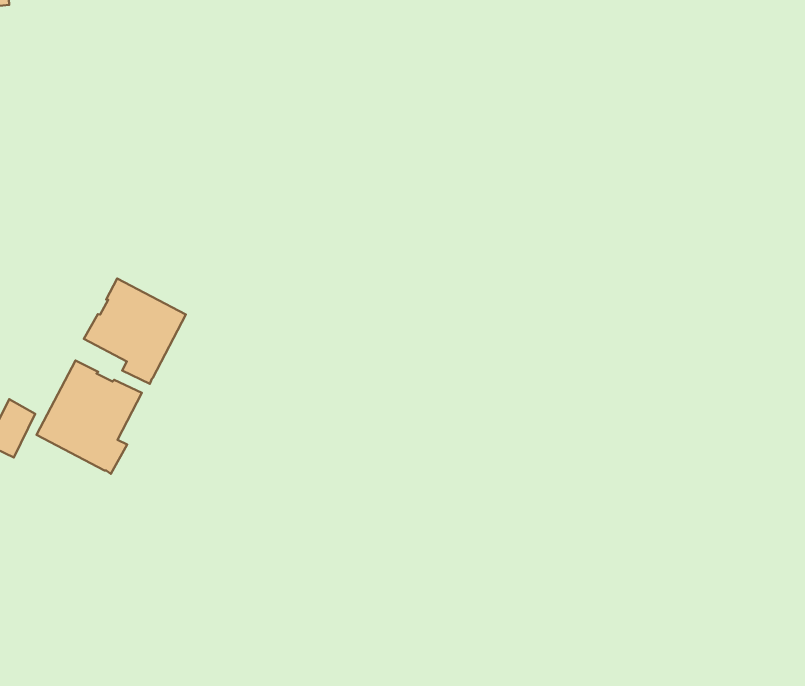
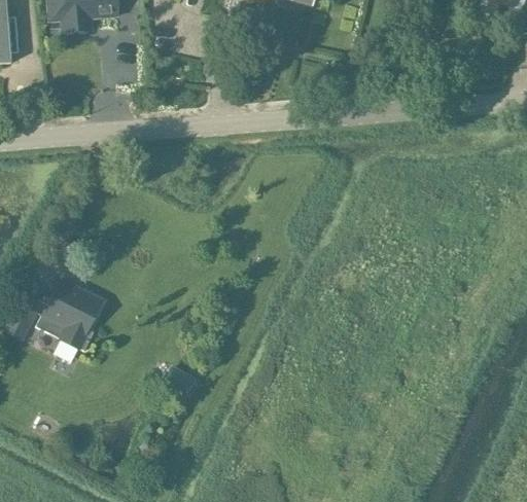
building: [84,279,186,384] -> none

